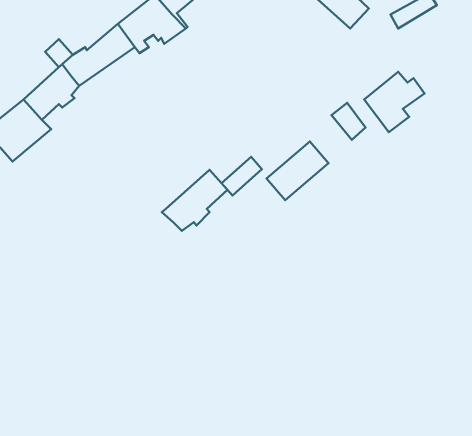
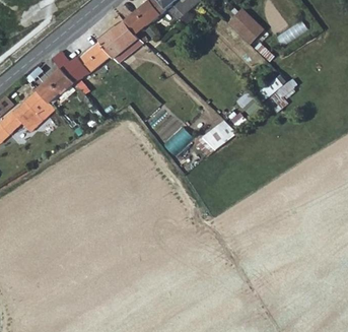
building: [162,170,227,231] -> none

